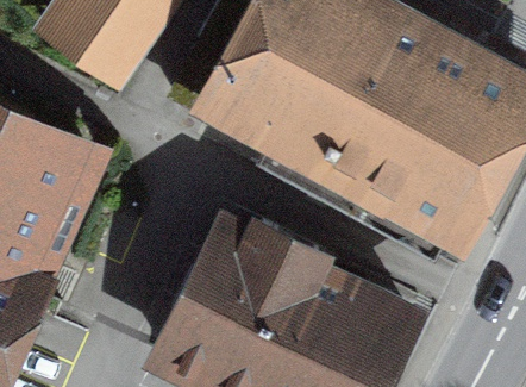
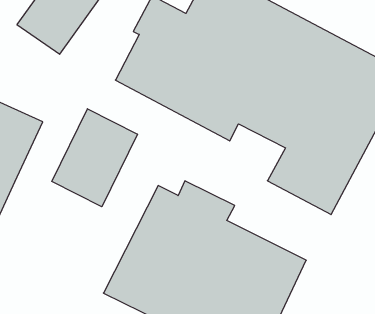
building: none -> [52,109,137,207]

